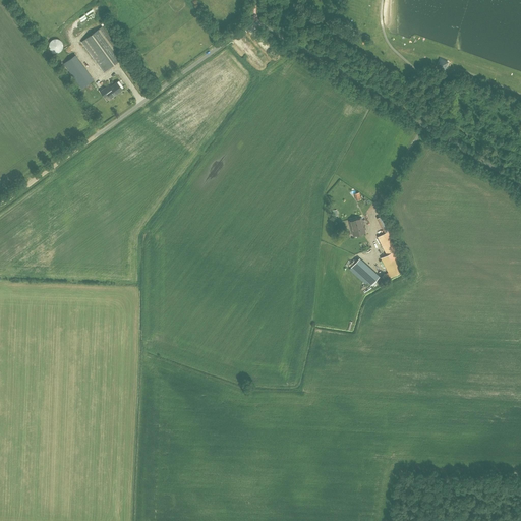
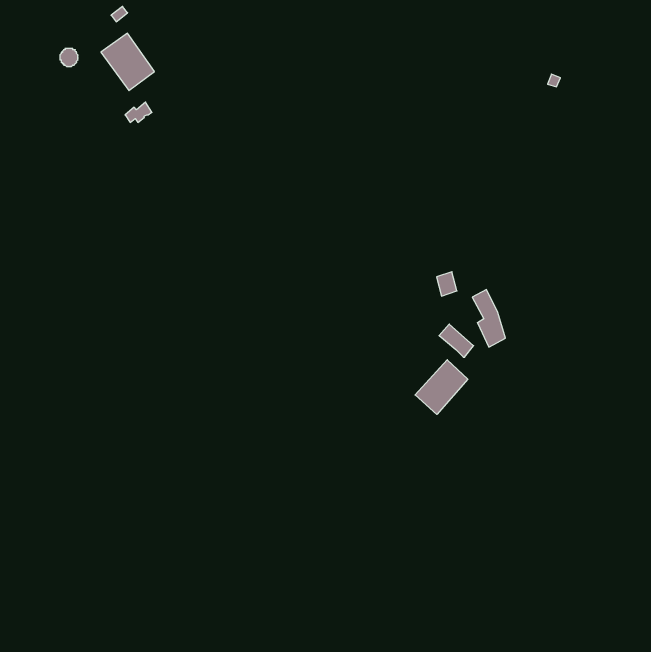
building: [63,55,93,89] -> none
building: none -> [415,360,468,414]

